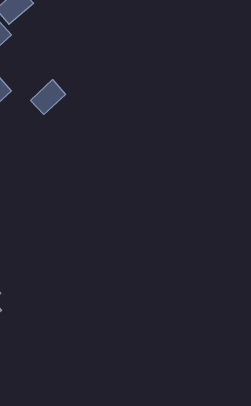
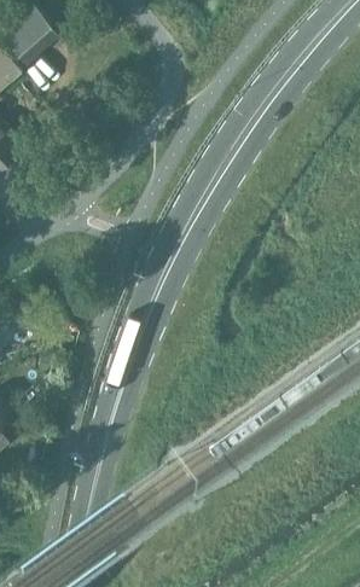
building: [31,80,65,114] -> none

